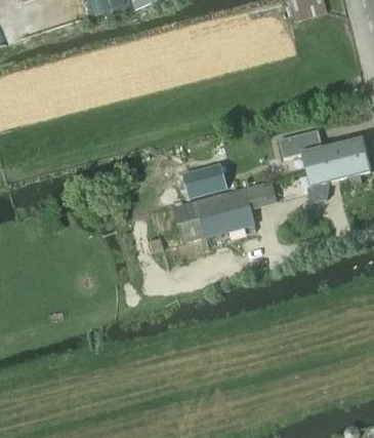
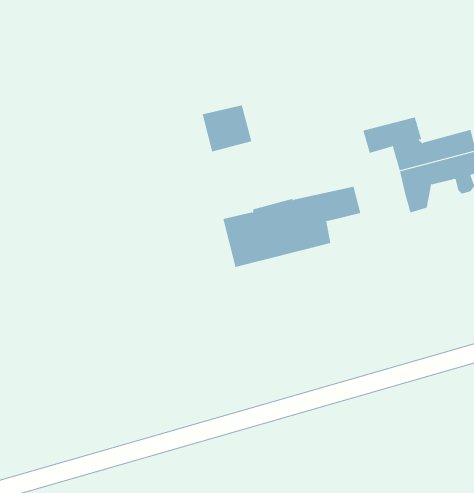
building: [189,162,226,198] -> [202,105,252,152]

